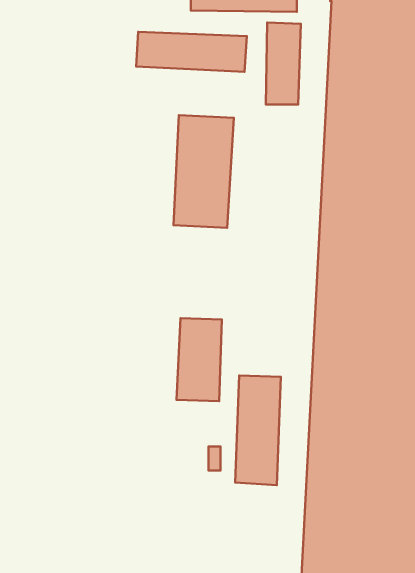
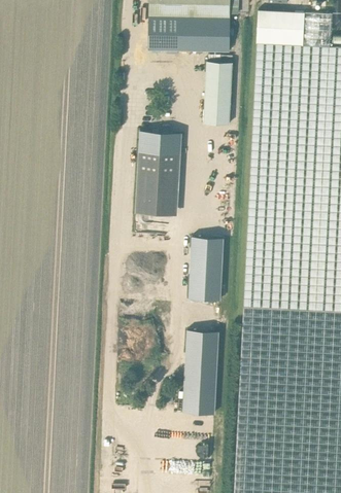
building: [136,32,247,72] -> none
building: [176,318,222,401] -> [189,237,224,301]

